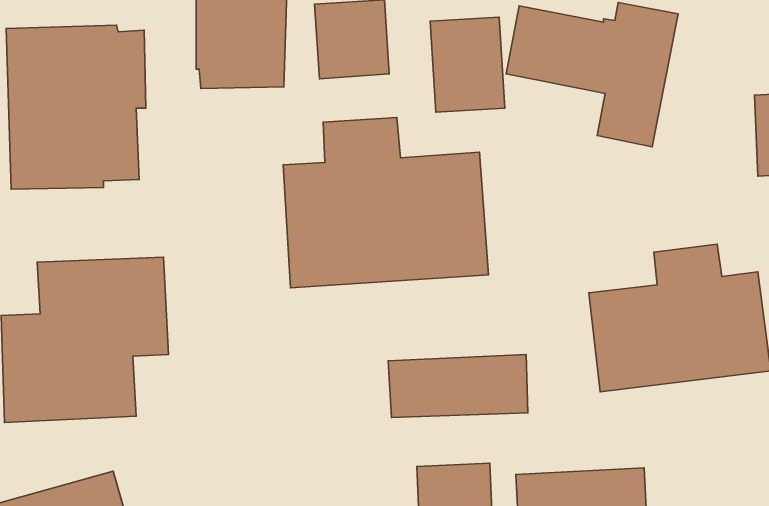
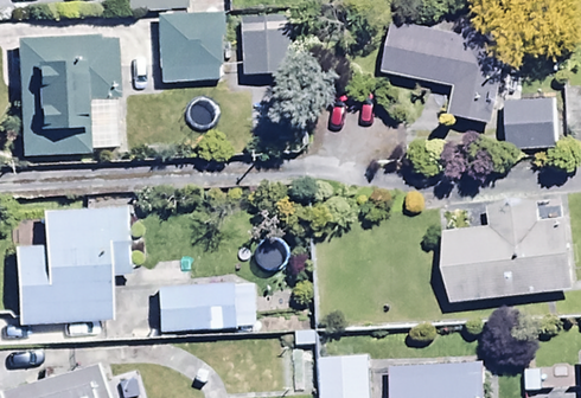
building: [430,17,505,112] -> none
building: none -> [505,97,556,148]
building: [283,118,489,288] -> none
building: [388,354,528,418] -> [155,282,257,328]

